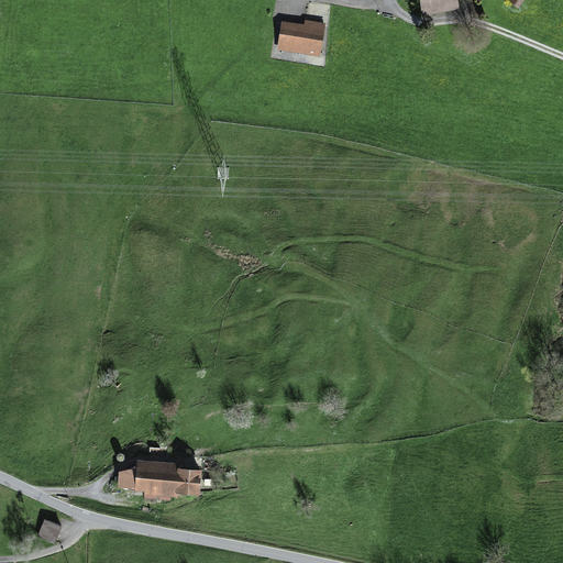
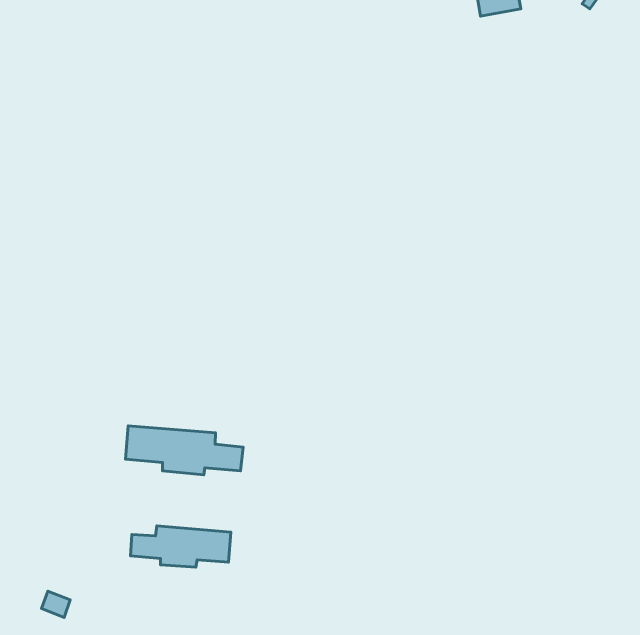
building: [278,19,325,56] -> none
building: none -> [125,426,243,475]

